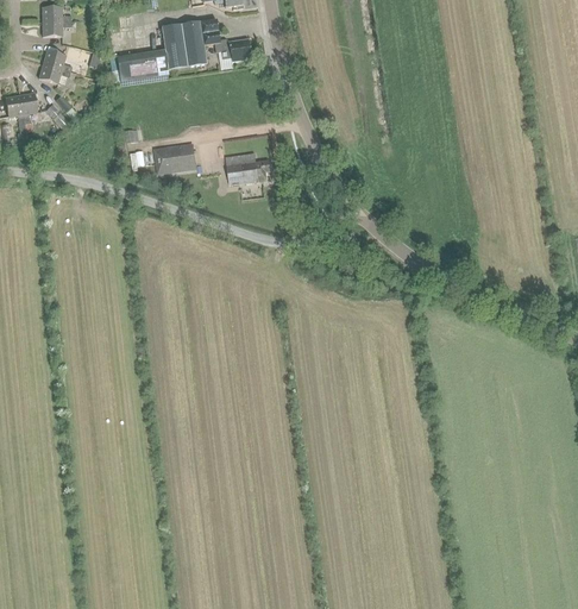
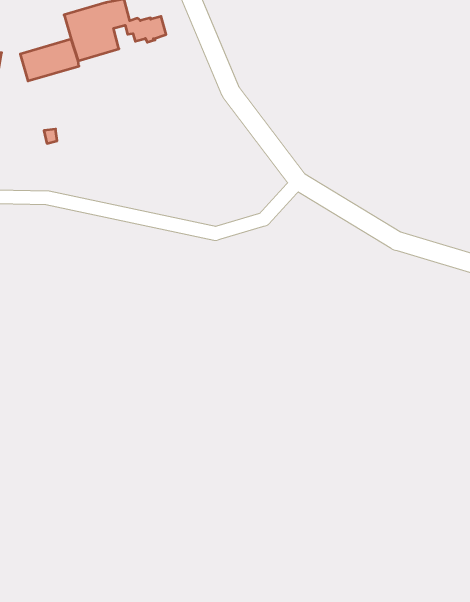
building: [155,142,195,170] -> none
building: [225,152,270,184] -> none

